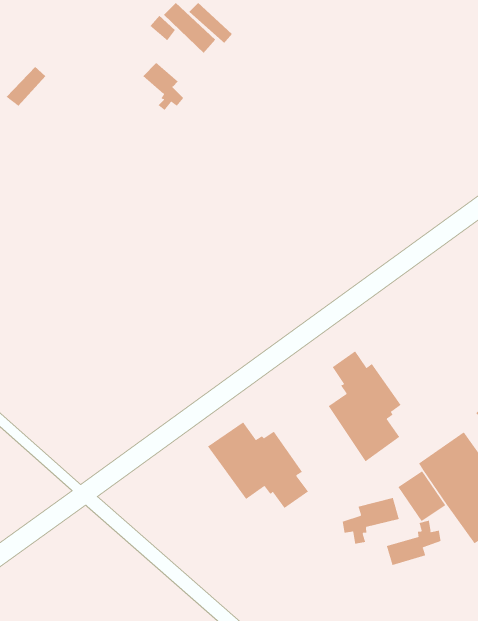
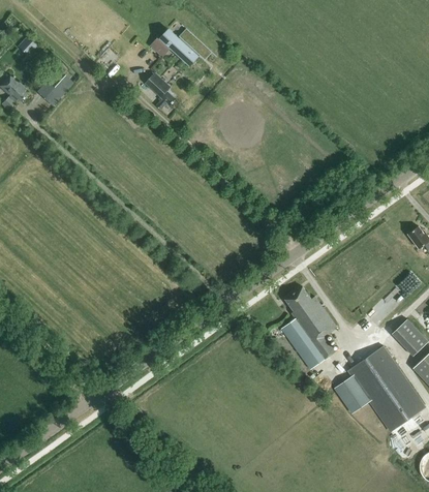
building: [207,422,309,509] -> none
building: [342,497,399,545] -> none
building: [386,520,441,566] -> none

